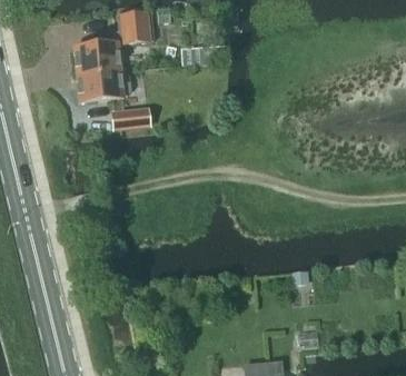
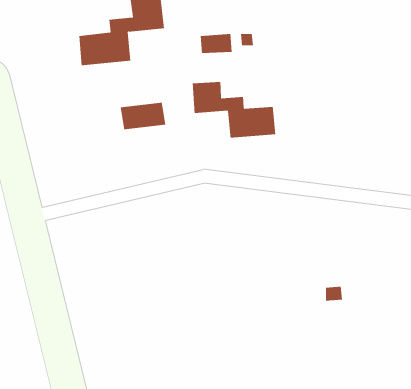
building: [77,69,131,101] -> none
building: none -> [192,81,276,139]

